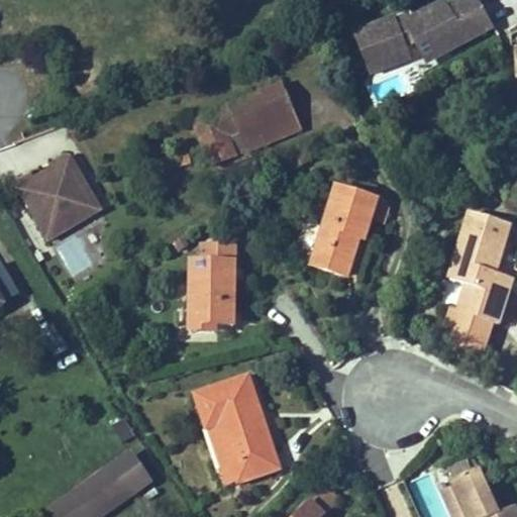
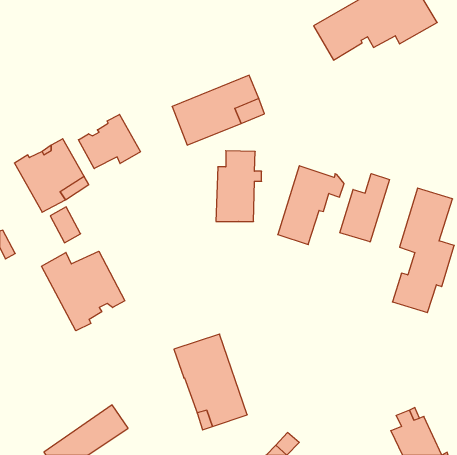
building: none -> [78,114,140,169]
building: none -> [340,174,389,242]
building: [191,244,242,324] -> [216,151,262,221]
building: none -> [42,251,125,331]

